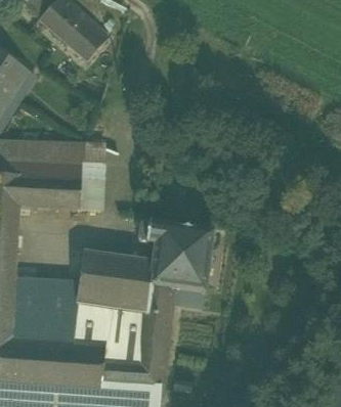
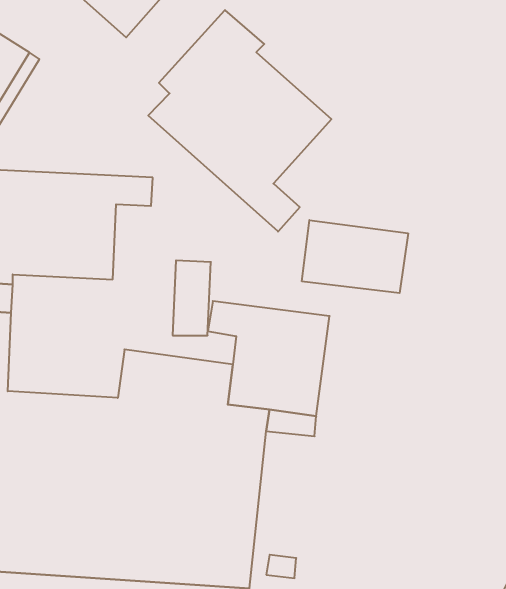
building: none -> [148,10,331,232]
building: [81,164,104,210] -> [173,260,211,335]
building: none -> [302,220,408,293]

